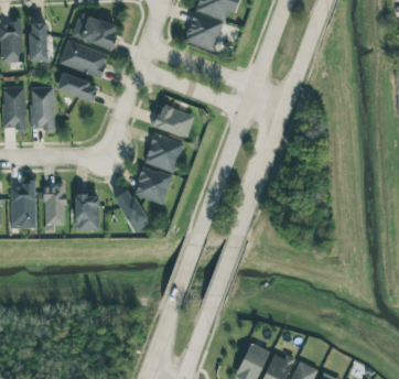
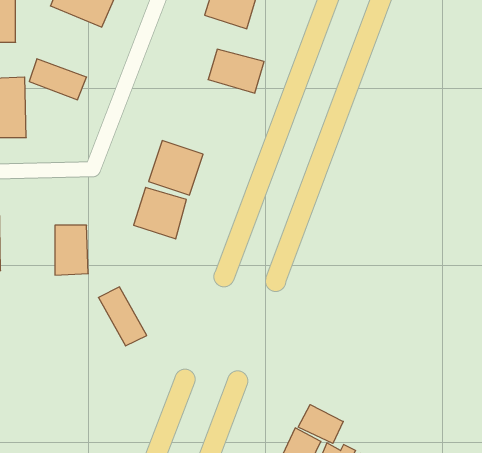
building: [60,40,110,77] -> none
building: [154,105,195,137] -> [208,49,264,93]
building: [44,184,66,224] -> none
building: [115,188,150,231] -> [98,287,147,346]
building: none -> [298,405,343,443]

